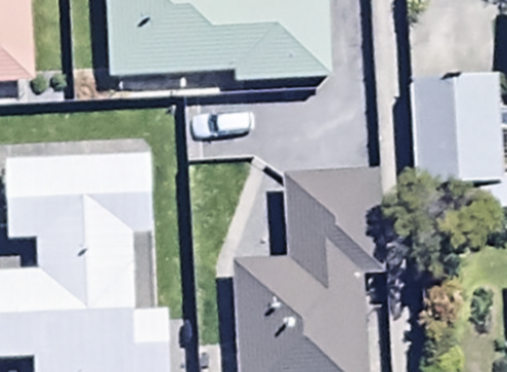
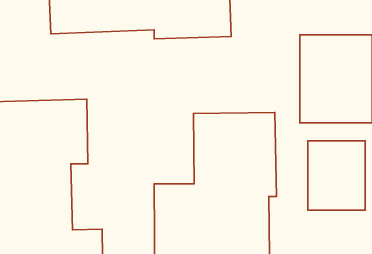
building: none -> [308,141,365,210]

